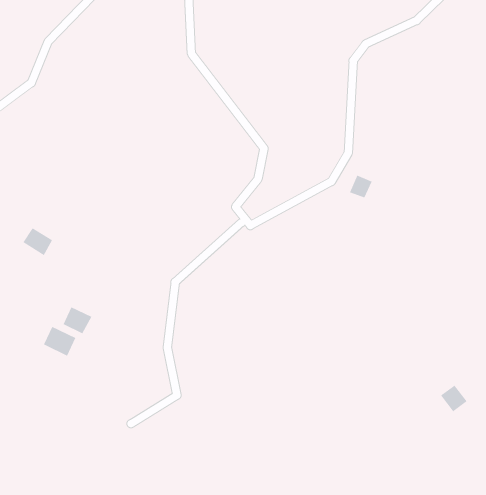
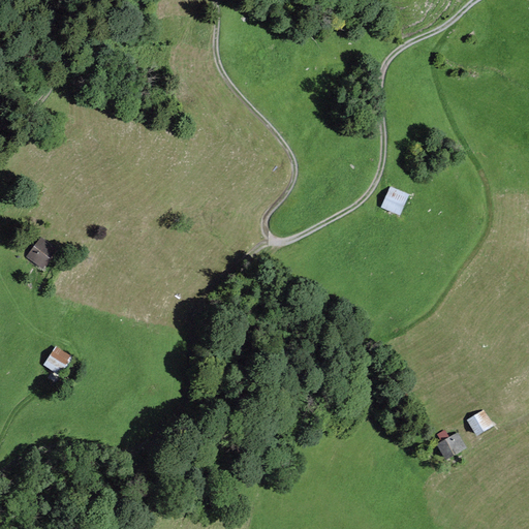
building: [63,307,92,334] -> none
building: none -> [436,429,467,459]

